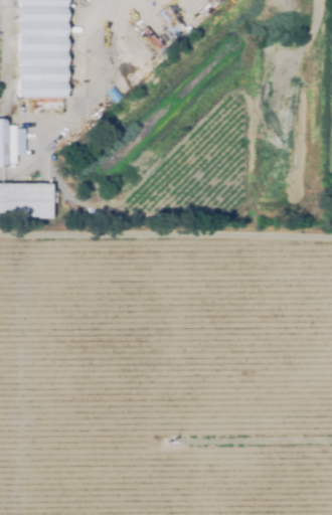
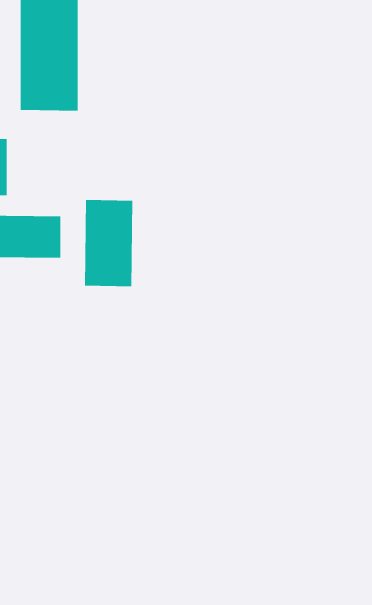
building: none -> [84,199,133,287]

